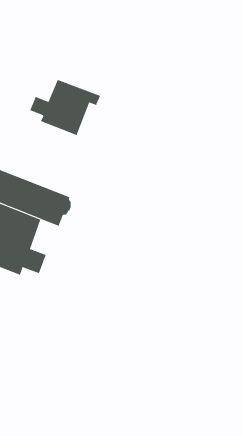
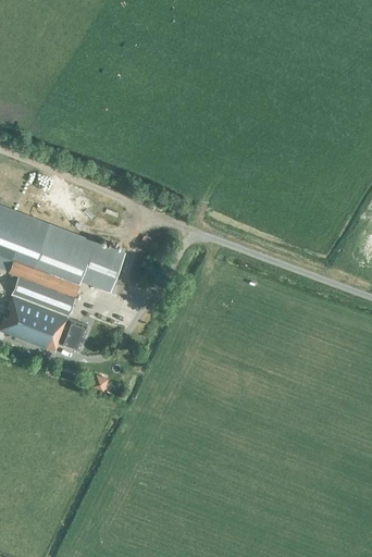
building: [30,79,101,136] -> none

